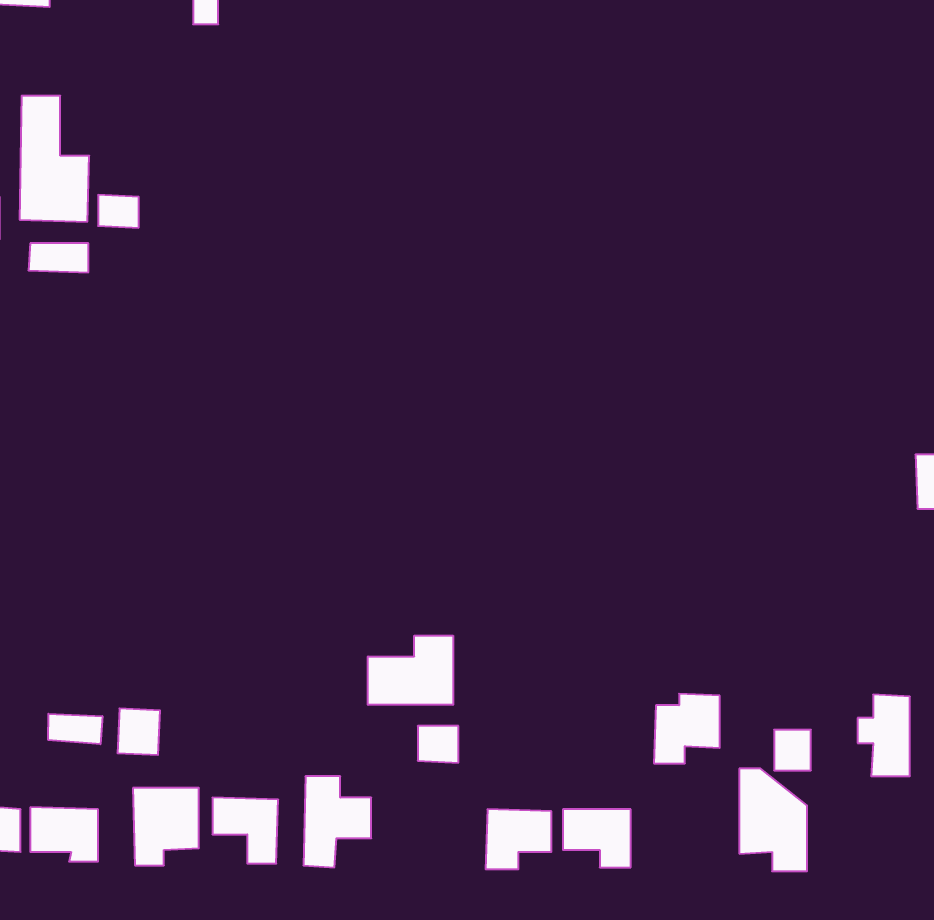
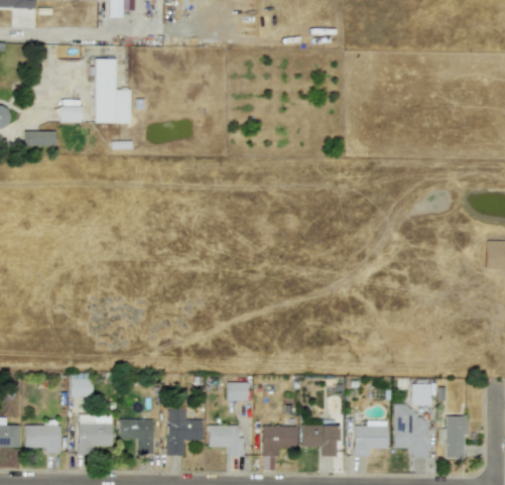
building: [20,96,89,222] -> [95,57,131,123]
building: [368,636,453,705] -> none
building: [654,694,720,763] -> [354,419,388,456]
building: [858,695,910,776] -> [438,414,466,457]
building: [48,714,102,744] -> none
building: none -> [209,425,244,456]

